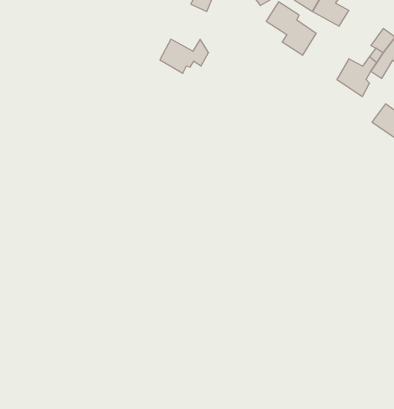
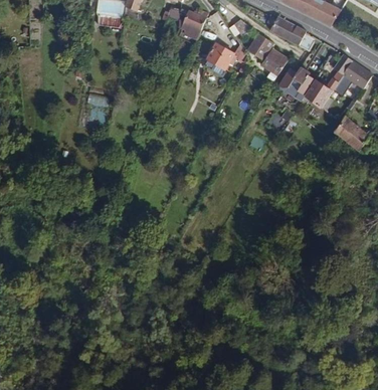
building: [160,39,209,73] -> [205,42,245,70]
building: none -> [277,66,315,96]

